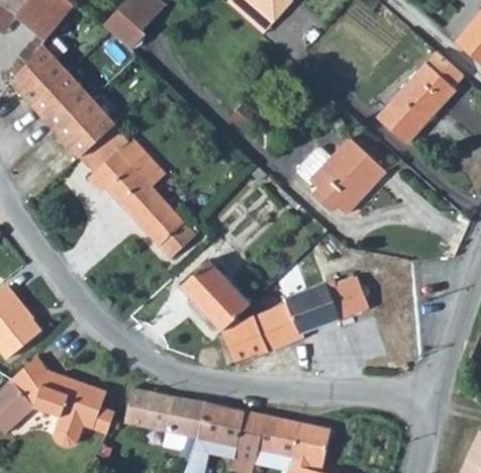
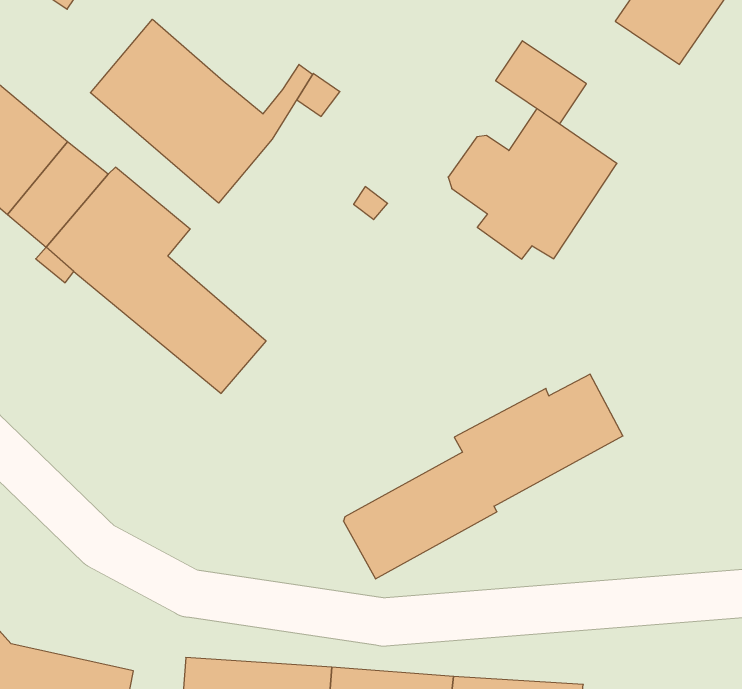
building: none -> [90,19,313,203]
building: [378,99,423,144] -> [496,41,586,124]
building: [179,259,252,333] -> none

